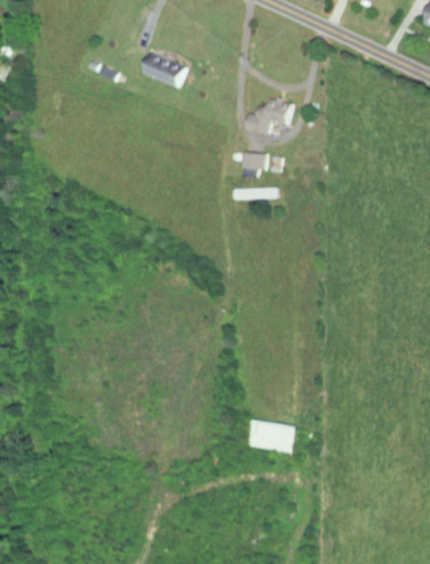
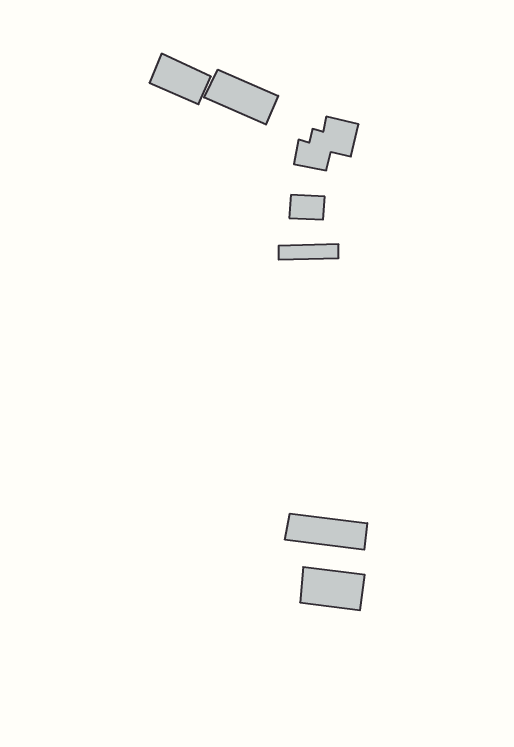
building: none -> [204,70,278,125]
building: none -> [285,514,367,550]

